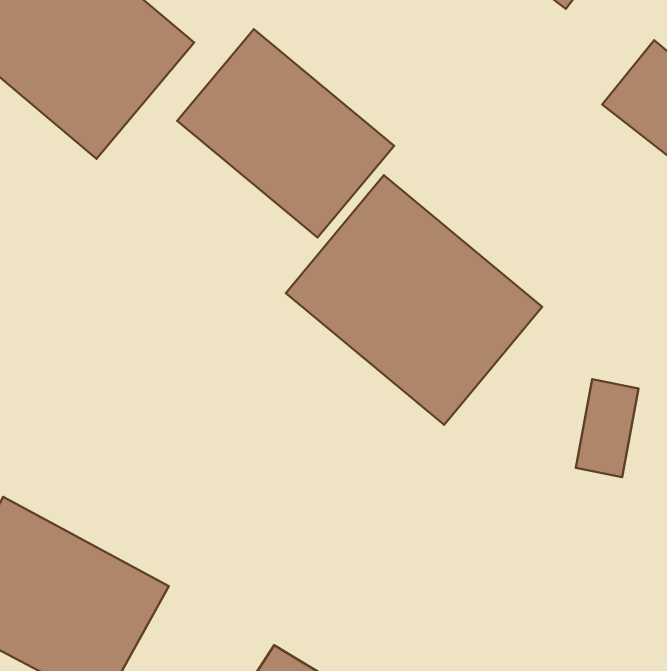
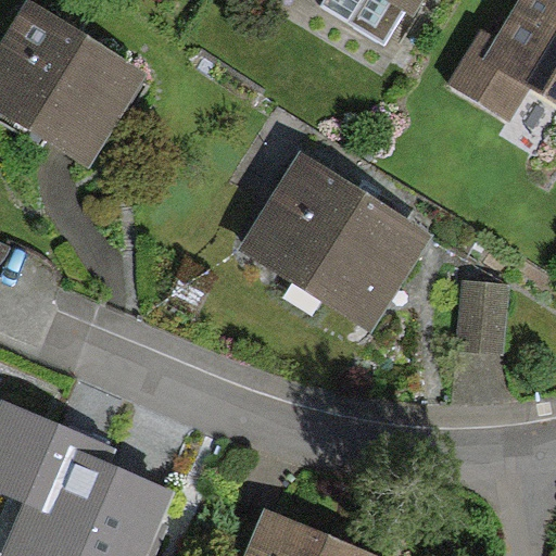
building: [177,29,394,237] -> none

